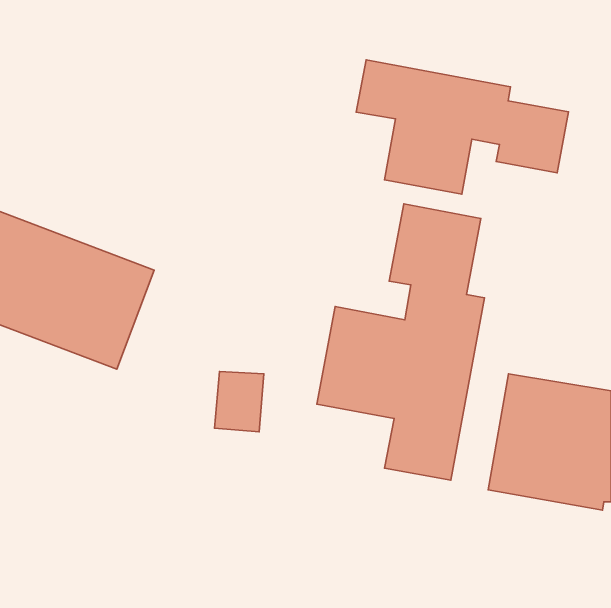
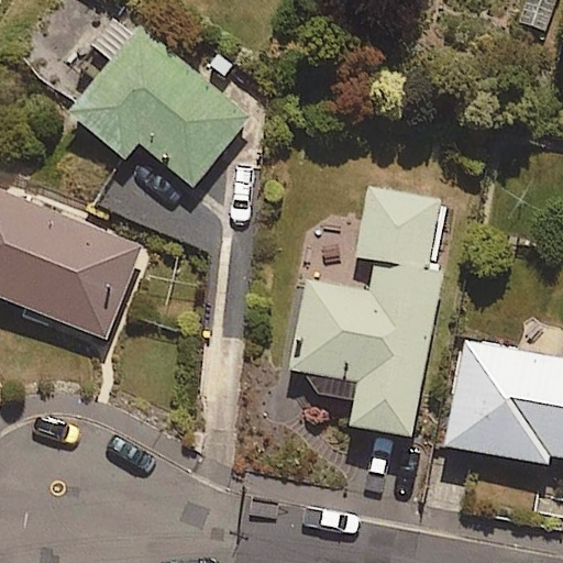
building: none -> [69,12,249,184]
building: [356,60,568,194] -> none

